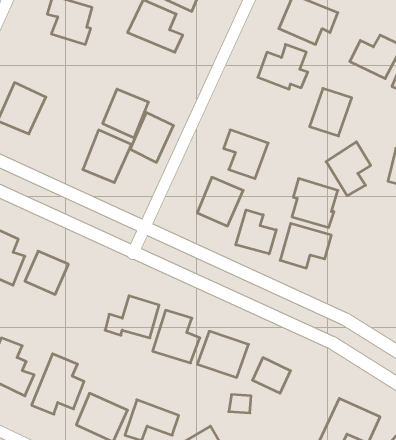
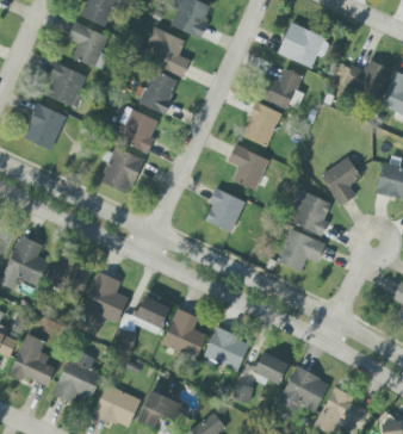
building: none -> [45,62,87,107]
building: [310,88,352,136] -> [242,103,280,145]
building: [130,112,174,162] -> [140,69,179,114]
building: [236,210,276,254] -> none
building: none -> [85,272,126,321]
building: none -> [279,366,329,411]

